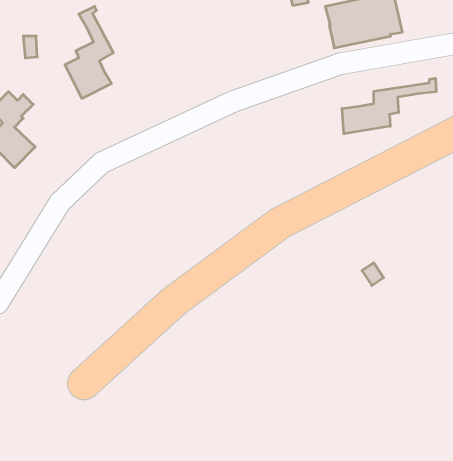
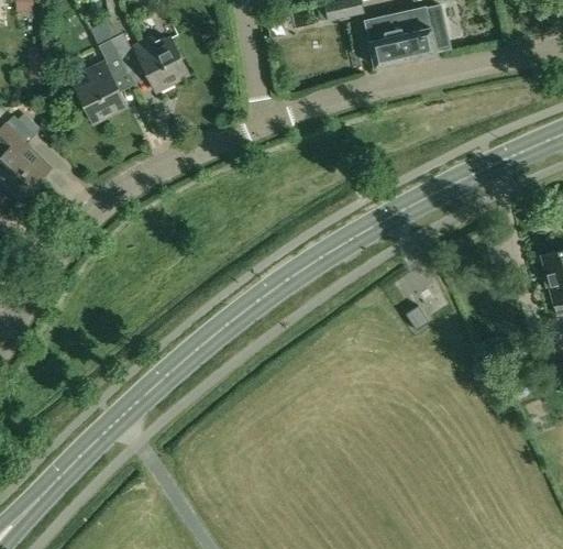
building: none -> [107,21,189,89]
building: [342,78,436,134] -> none

